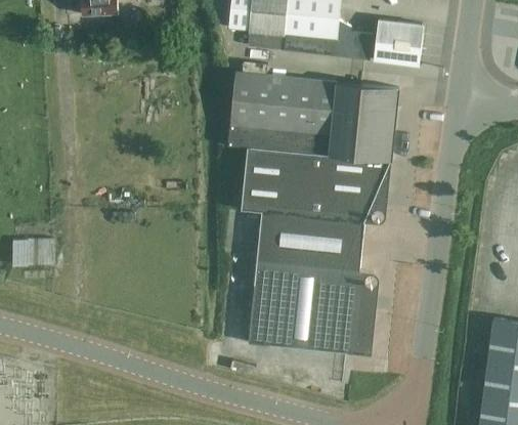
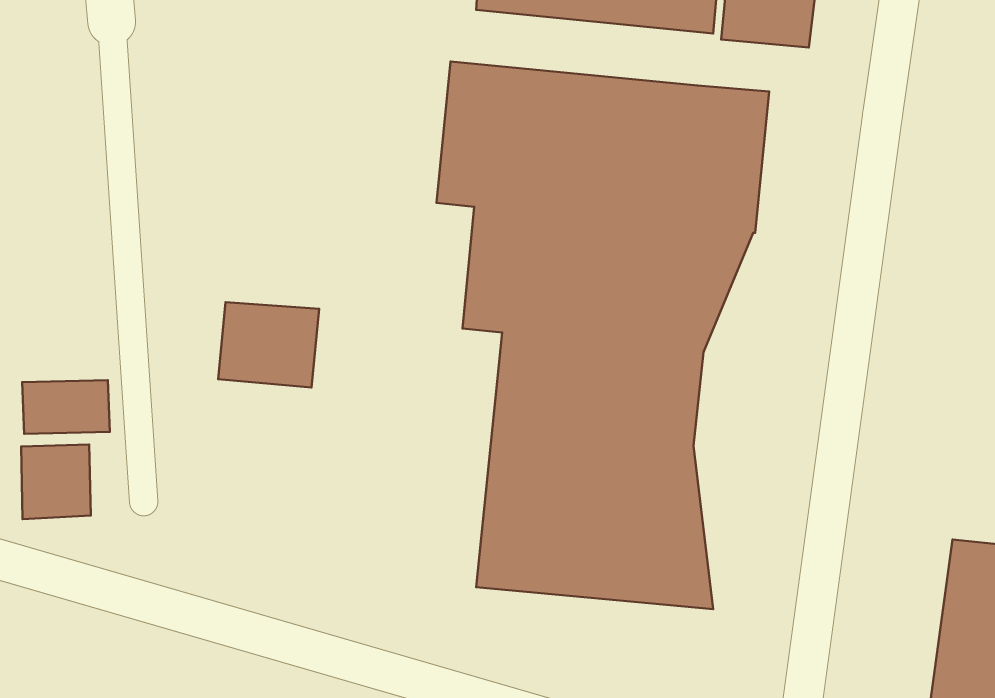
building: none -> [218,302,319,388]
building: none -> [21,445,91,519]

